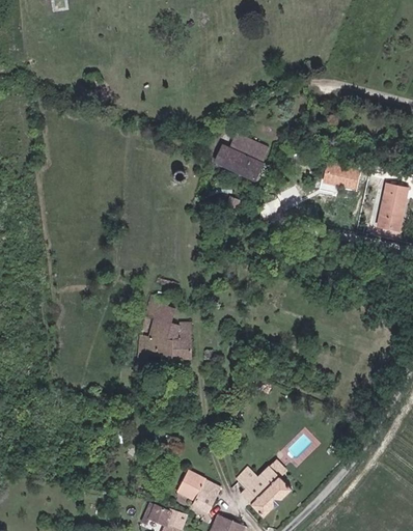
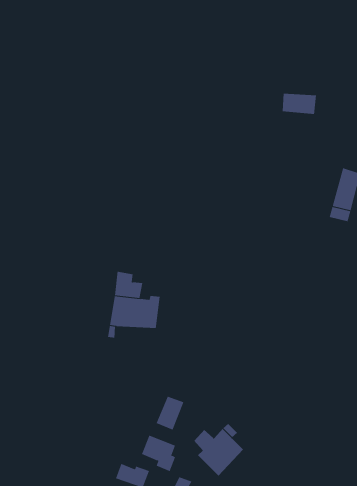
building: [217,135,269,179] -> none
building: [324,163,361,186] -> [282,93,317,114]
building: none -> [156,396,184,431]

